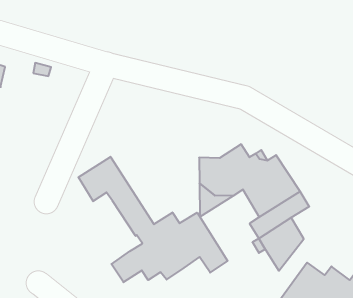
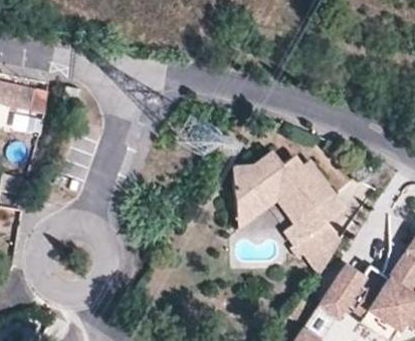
building: [78,157,228,282] -> none

